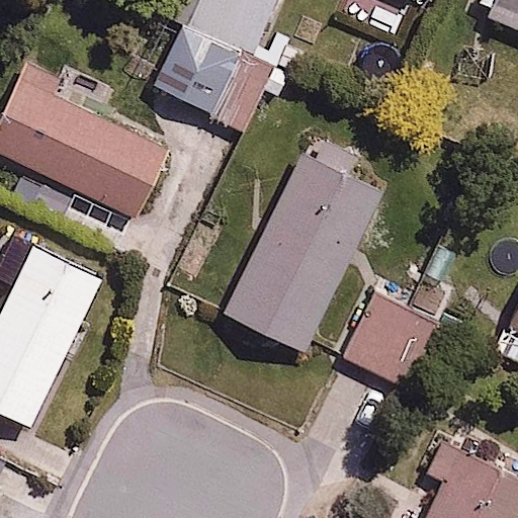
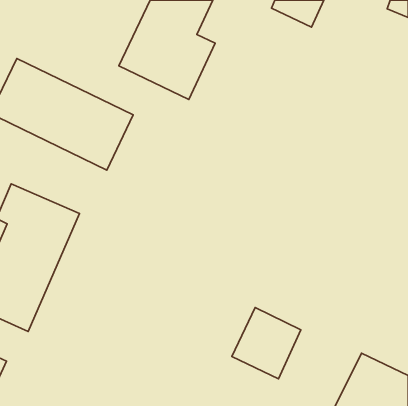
building: [225,154,385,349] -> none
building: [349,293,436,383] -> [232,308,301,379]

